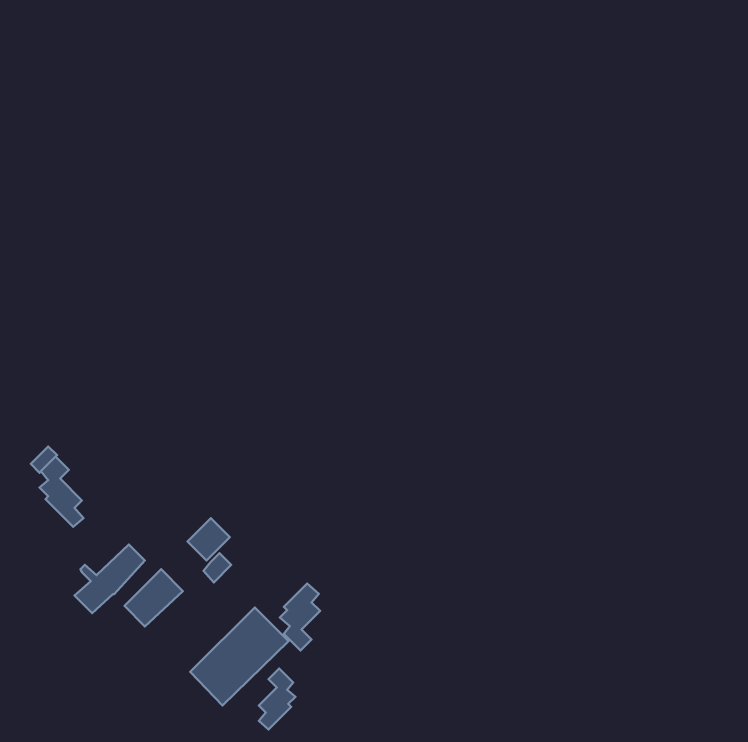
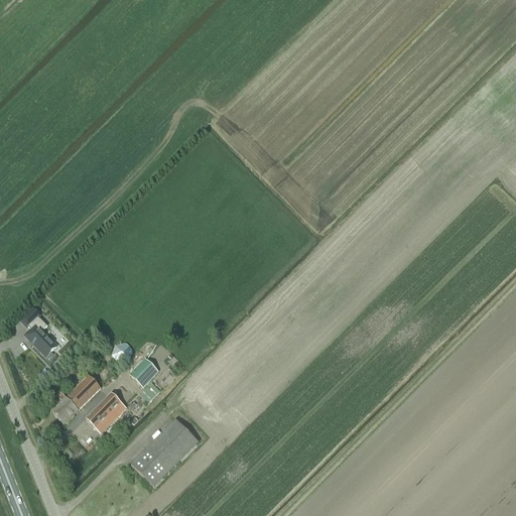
building: [280,583,320,650] -> none
building: [259,668,295,729] -> none

